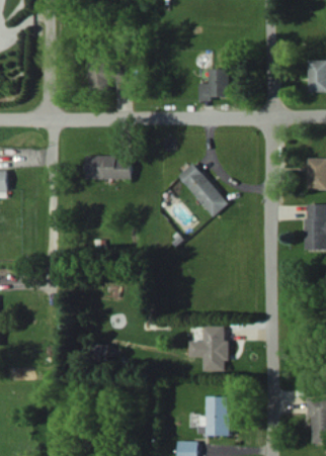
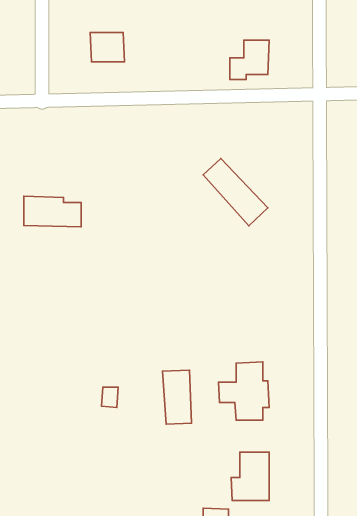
building: [84,155,130,179] -> [24,196,81,227]
building: none -> [162,370,191,424]

